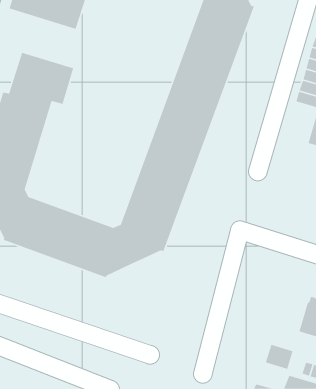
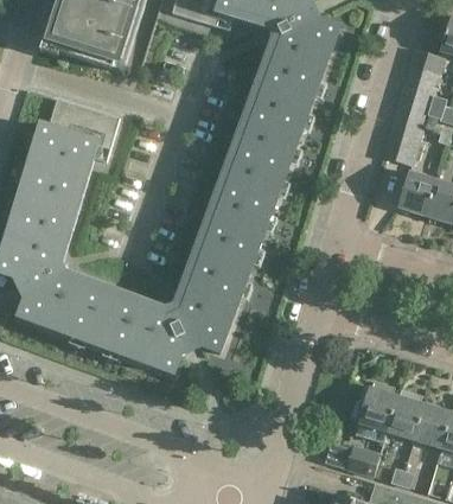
building: none -> [355,381,397,444]

